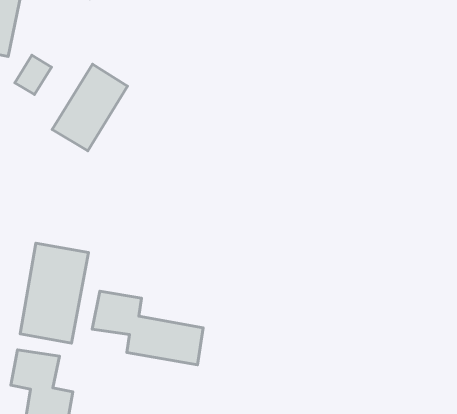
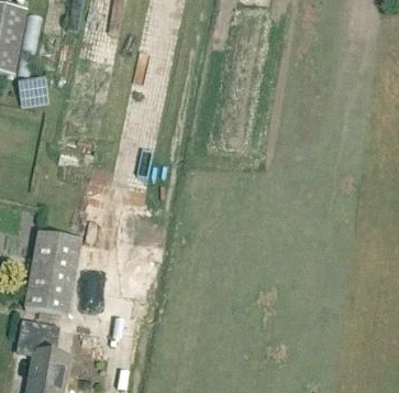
building: [52,64,128,151] -> none
building: [92,291,203,365] -> none

